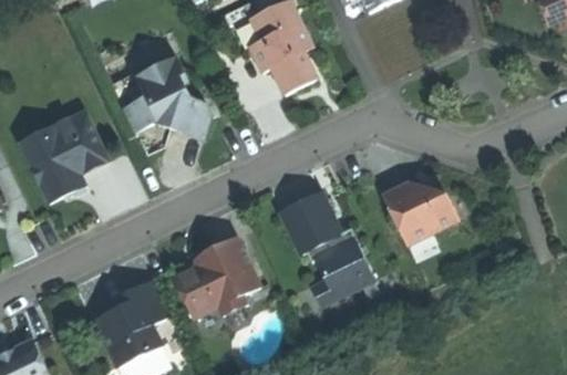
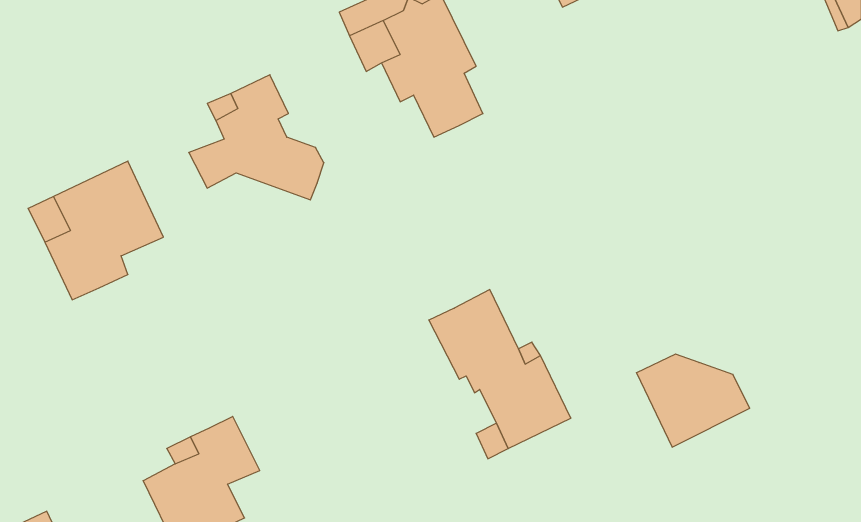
building: [383,184,457,244] -> [636,354,750,447]
building: [173,237,259,317] -> none

